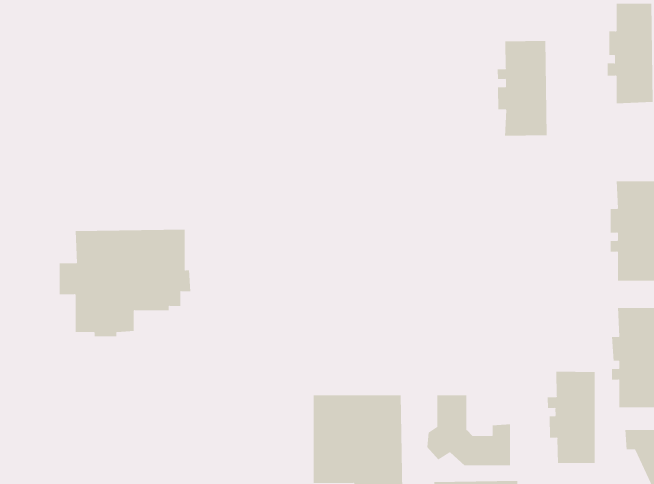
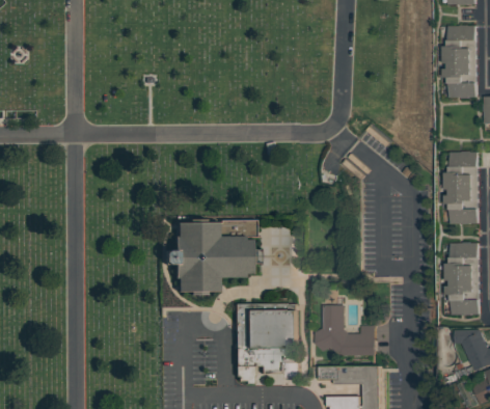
building: [497,40,547,137] -> none
building: [59,229,191,337] -> [165,221,260,298]
building: [547,371,595,464] -> none

